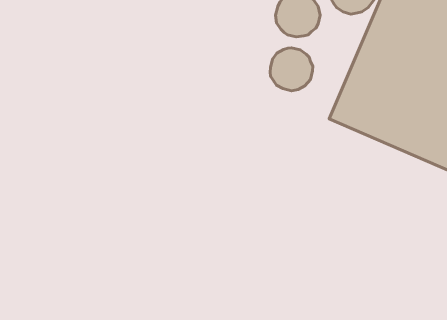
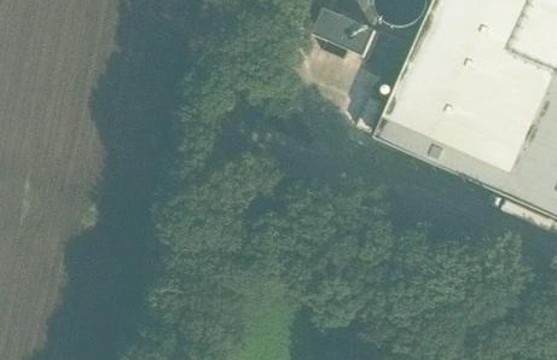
building: [270,48,313,91] -> none

